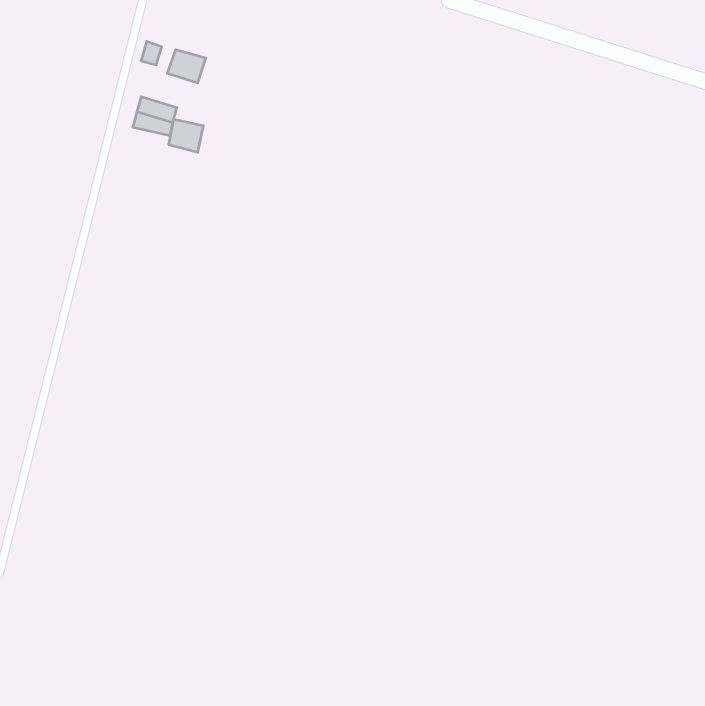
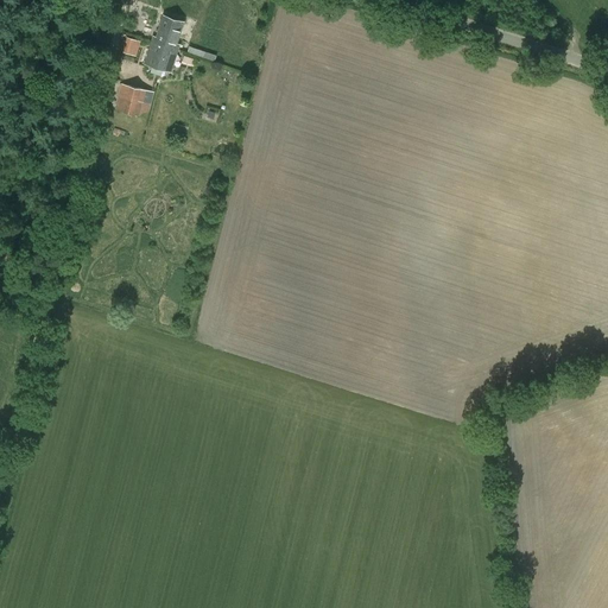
building: none -> [151,17,182,50]
building: [169,119,203,152] -> none

